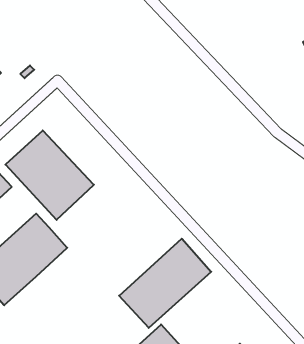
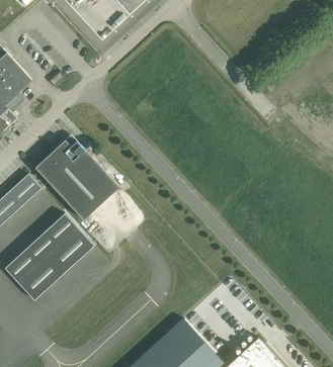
building: [119,239,211,328] -> none

